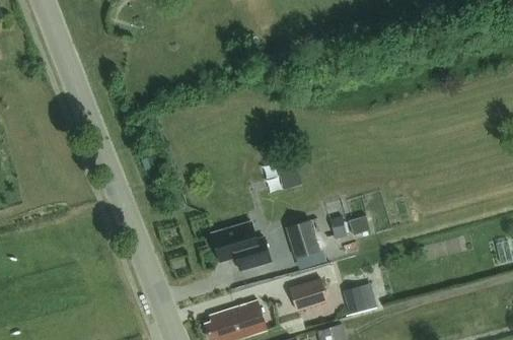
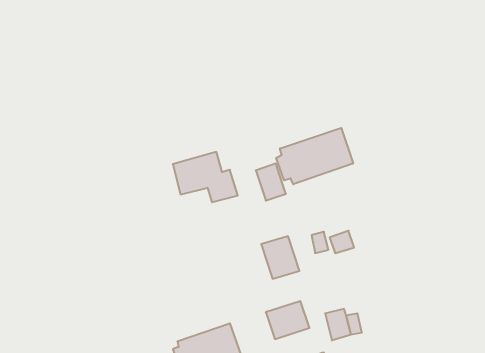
building: none -> [276,128,353,184]
building: [213,222,272,268] -> [173,152,238,202]

